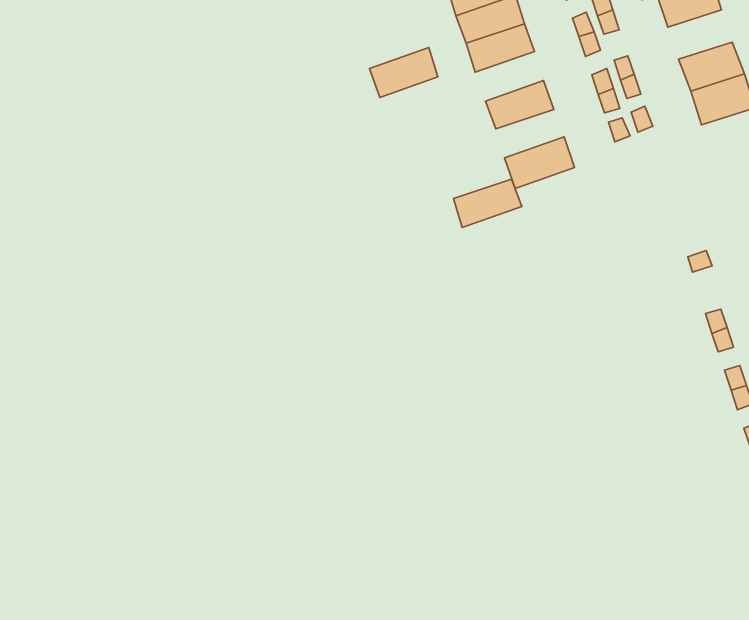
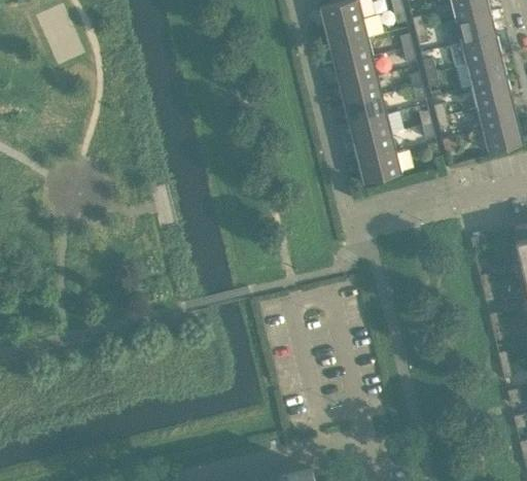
building: none -> [471,78,513,108]
building: [369,48,438,98] -> [343,95,387,125]
building: [453,179,522,228] -> [353,134,397,163]

